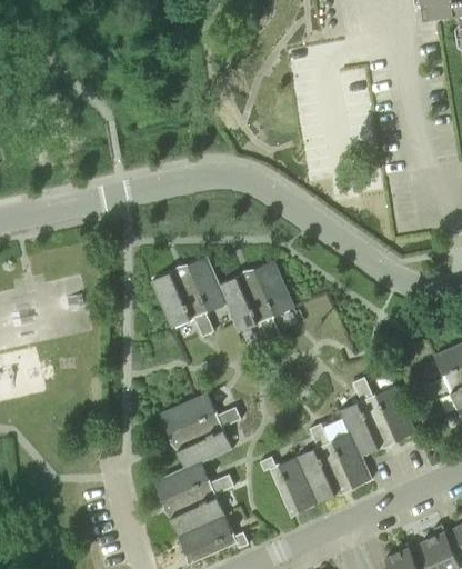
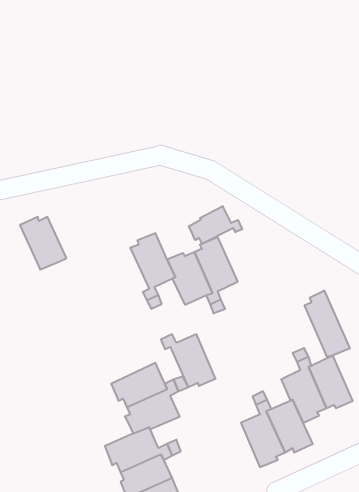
building: none -> [189,206,242,244]
building: [151,271,200,327] -> [20,217,66,270]
building: none -> [305,290,350,357]
building: [259,456,317,511] -> [161,334,216,387]

